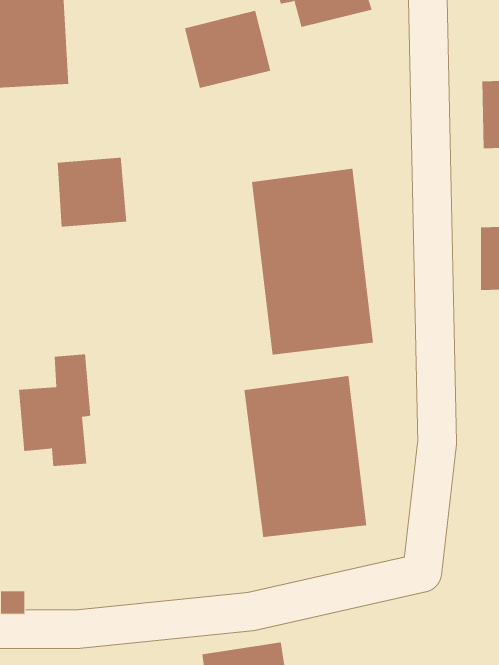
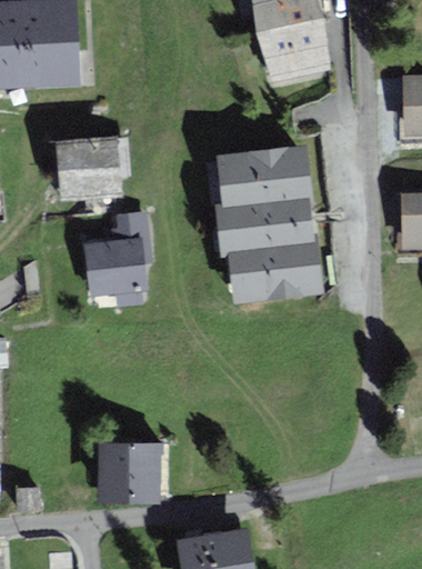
building: [184,10,271,89] -> [259,20,329,83]
building: [18,354,91,467] -> [89,213,148,305]
building: [244,375,367,538] -> none
building: none -> [100,445,161,500]

